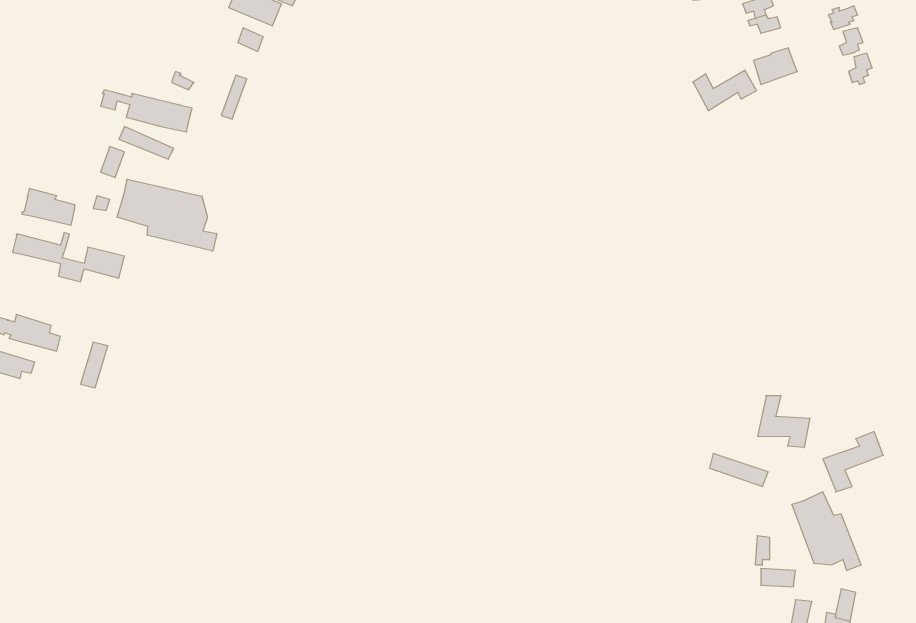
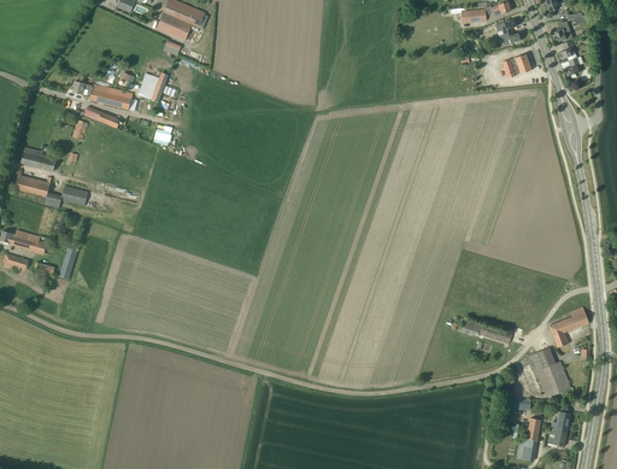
building: [693,70,756,111] -> none
building: [117,179,217,251] -> none
building: [758,395,810,448] -> none

